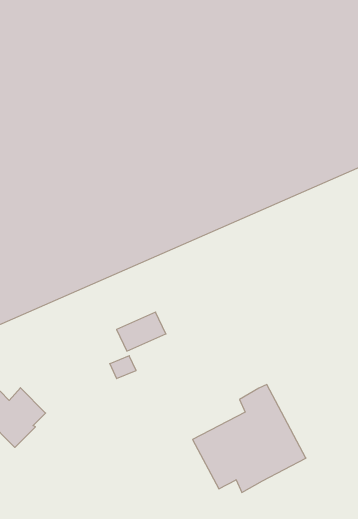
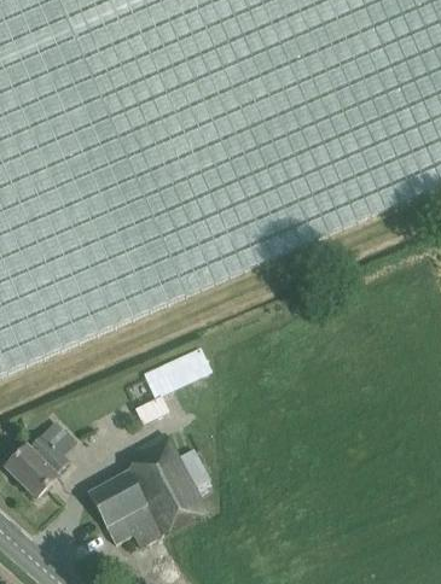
building: [193,385,306,492] -> [88,434,208,548]

